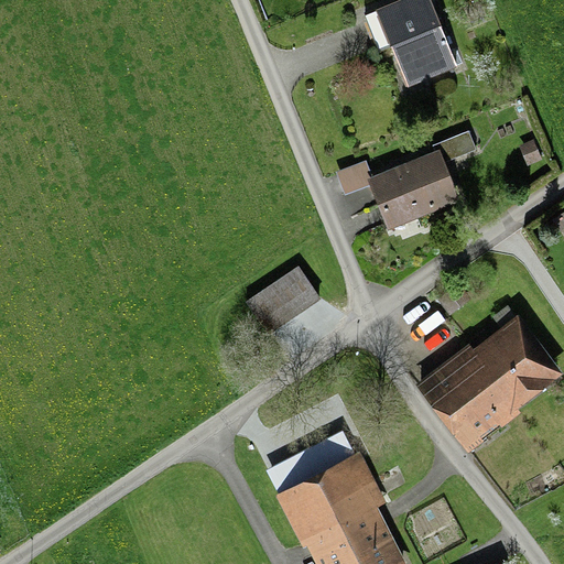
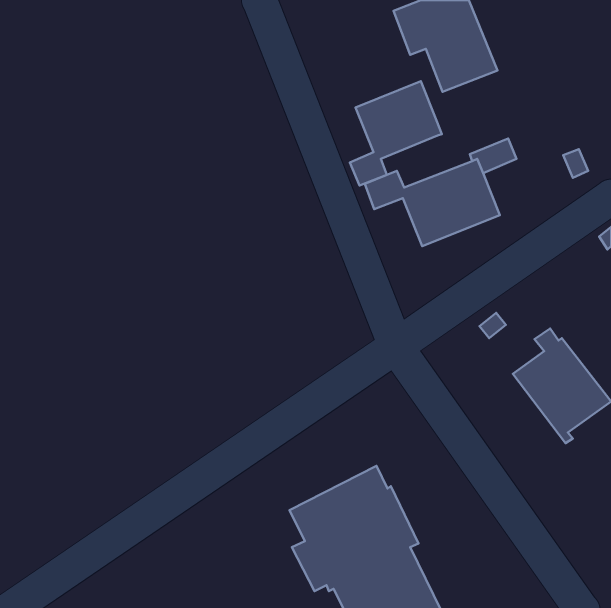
building: none -> [350,81,442,186]
building: [247,265,321,334] -> none
building: [416,344,521,452] -> none

